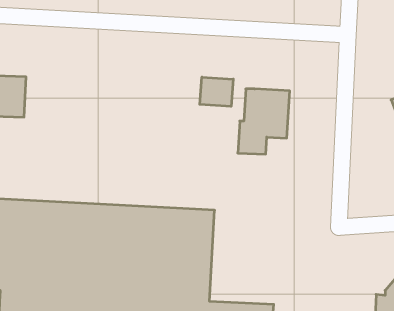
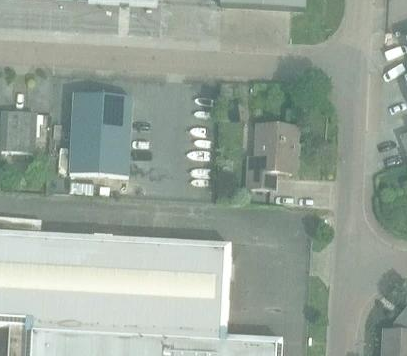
building: none -> [70,93,133,176]
building: [200,77,233,106] -> none

